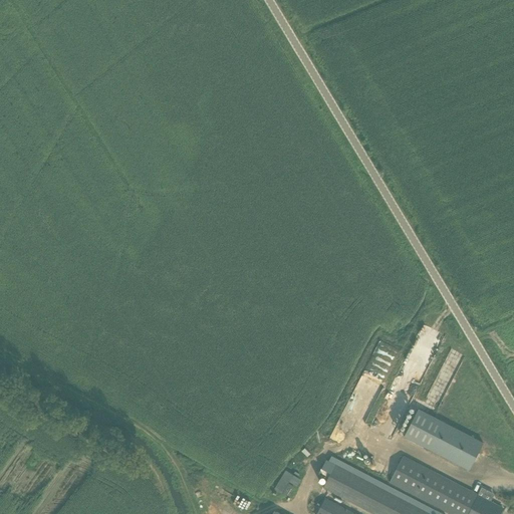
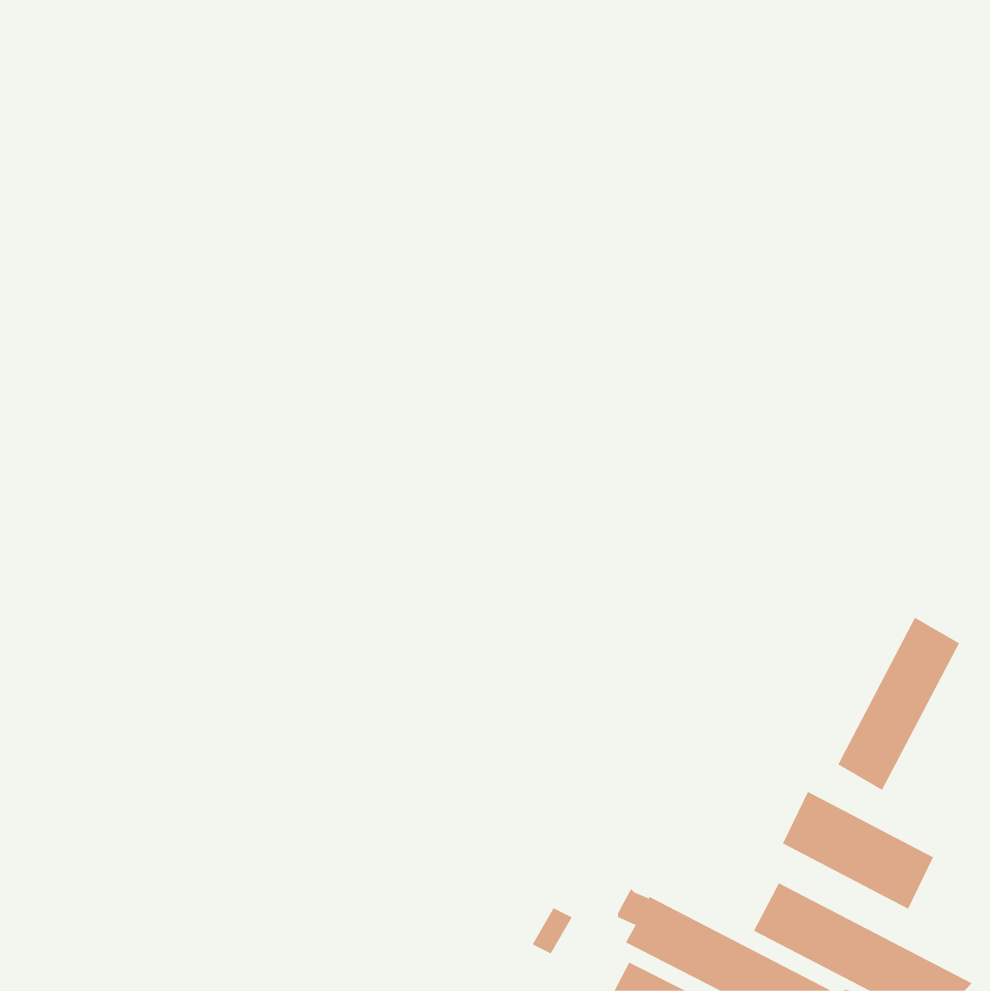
building: none -> [837,617,960,791]

